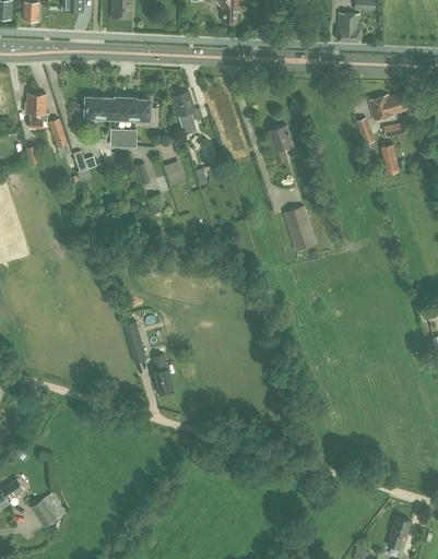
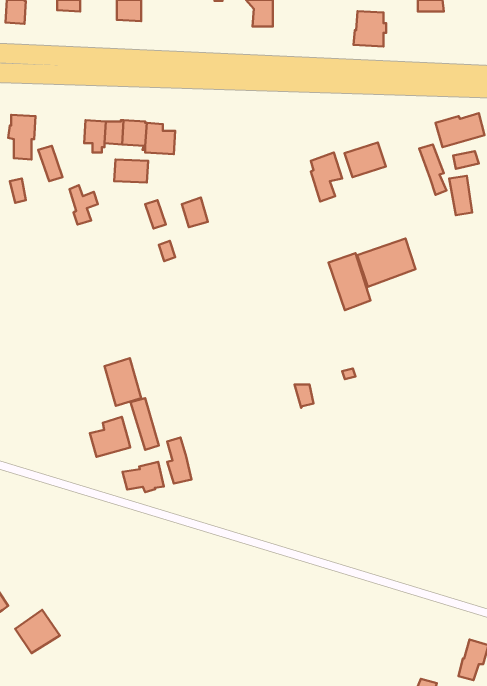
building: [335,12,362,40] -> [354,11,386,46]
building: [173,91,202,133] -> none
building: none -> [344,143,386,177]
building: none -> [357,239,415,287]
building: none -> [104,358,141,406]
building: none -> [90,417,130,457]
building: none -> [123,462,164,492]

